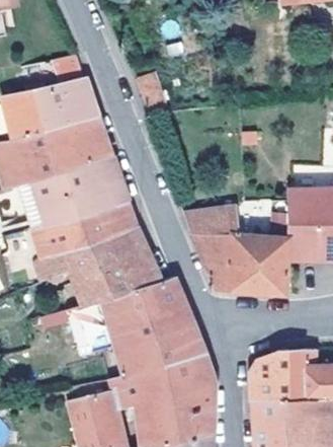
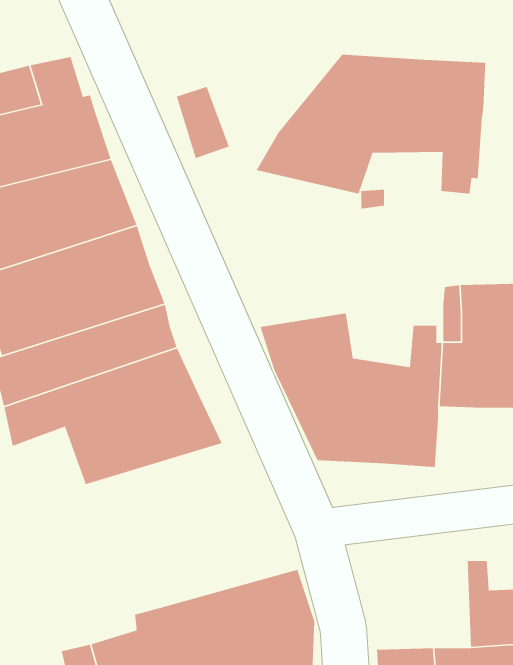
building: none -> [256,54,486,195]
building: [66,275,206,375] -> none
building: [249,348,307,399] -> none

